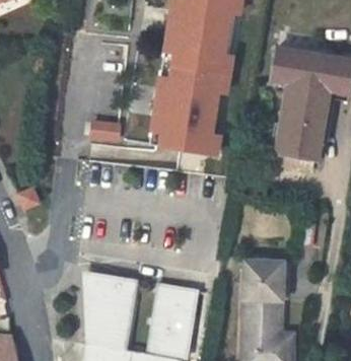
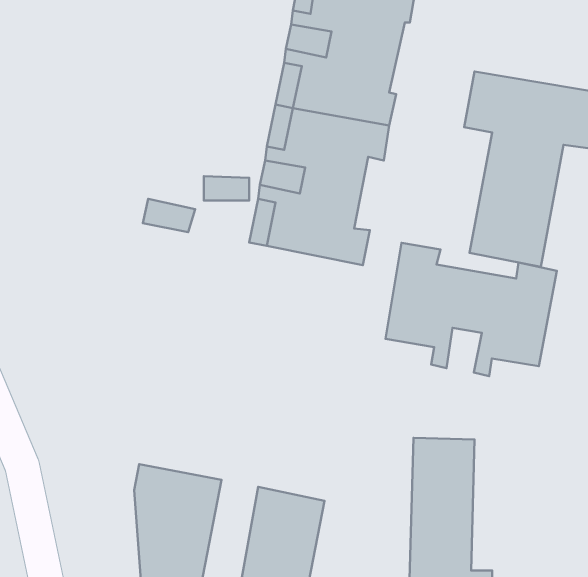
building: none -> [385,243,557,376]

